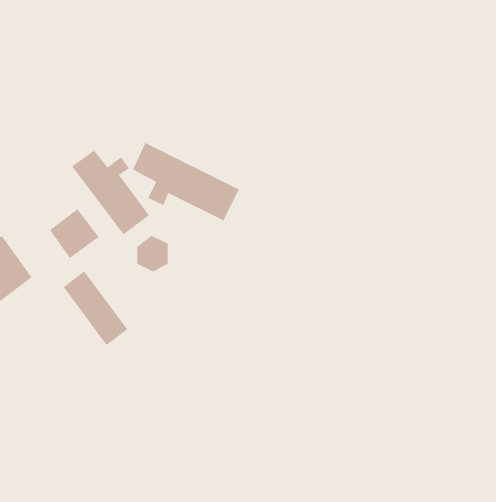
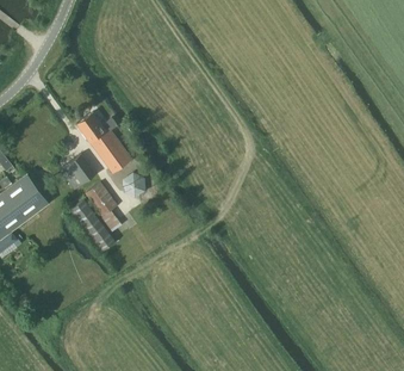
building: [132,142,239,221] -> none
building: none -> [85,183,118,217]

